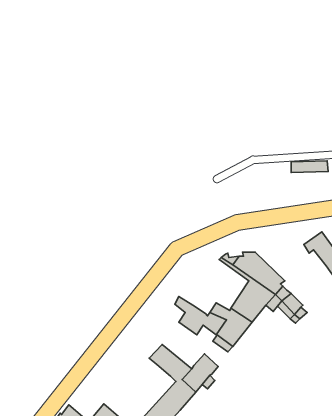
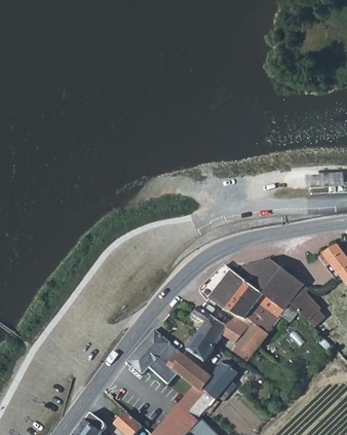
building: none -> [202,266,266,320]
building: none -> [126,328,182,384]
building: none -> [186,331,216,361]

